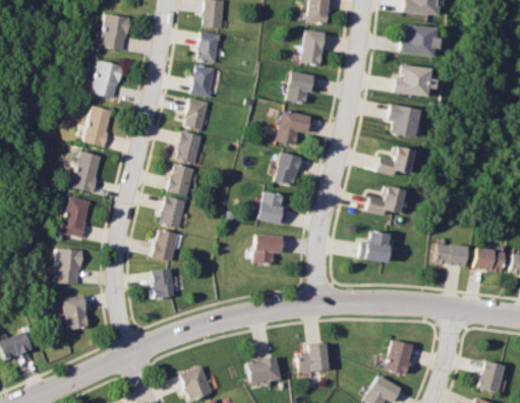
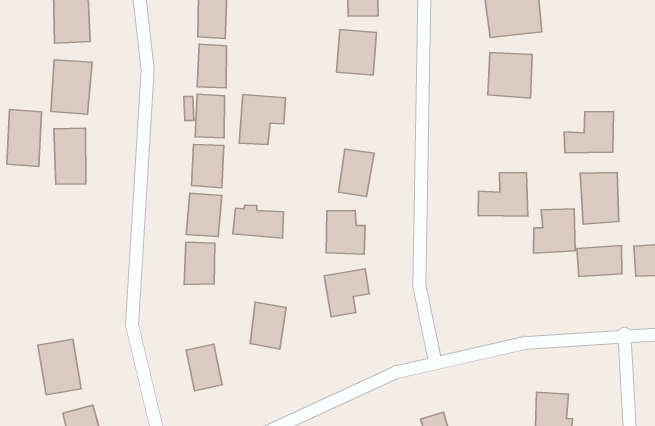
building: [277,110,313,147] -> [239,95,286,144]
building: [378,146,415,176] -> [564,111,614,153]
building: [71,152,101,193] -> [7,110,42,166]
building: none -> [233,205,283,238]
building: none -> [580,173,619,224]
building: [60,197,89,239] -> none
building: [152,229,180,264] -> [250,302,286,349]
building: [357,231,390,263] -> [534,209,575,253]

